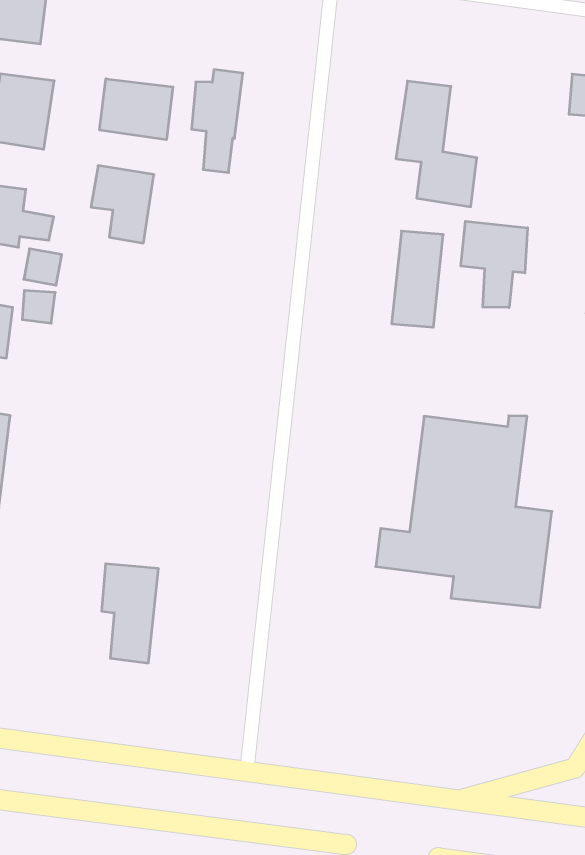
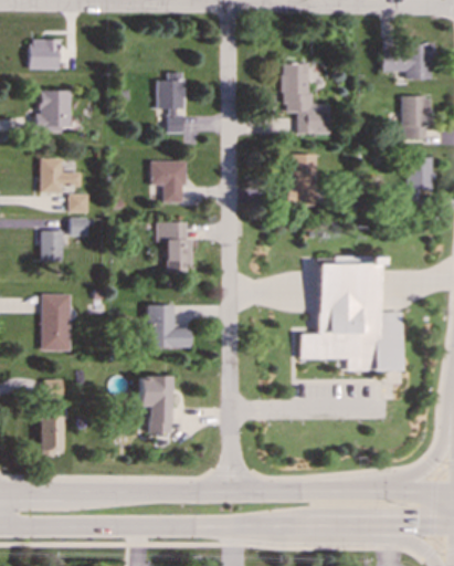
building: [100,79,173,140] -> none
building: [91,166,154,243] -> [150,160,186,203]
building: [461,221,528,308] -> none
building: none -> [157,222,191,273]
building: none -> [148,305,191,348]

